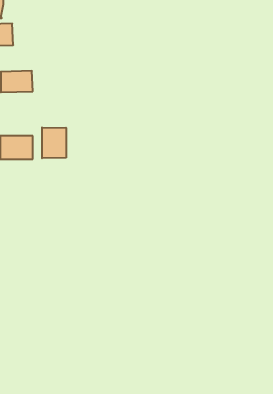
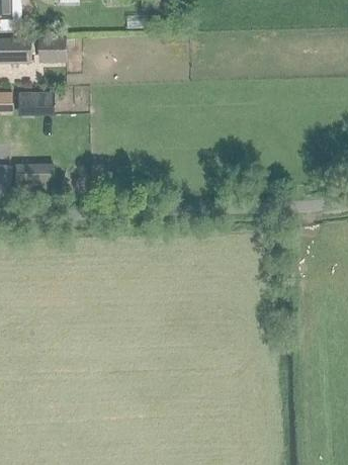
building: none -> [42,36,67,61]
building: [42,127,66,158] -> none

